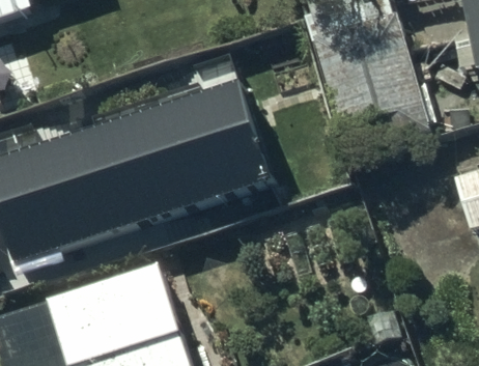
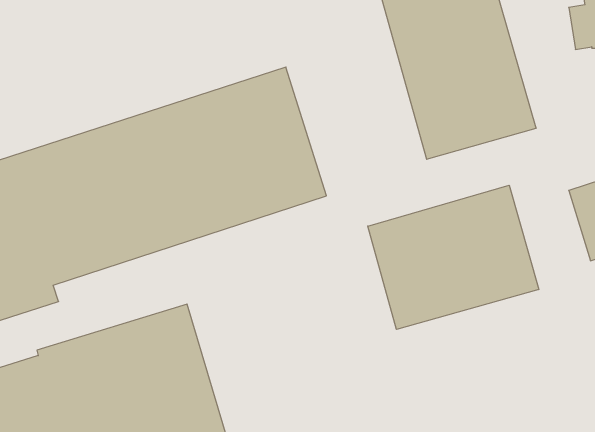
building: none -> [368,185,539,329]

